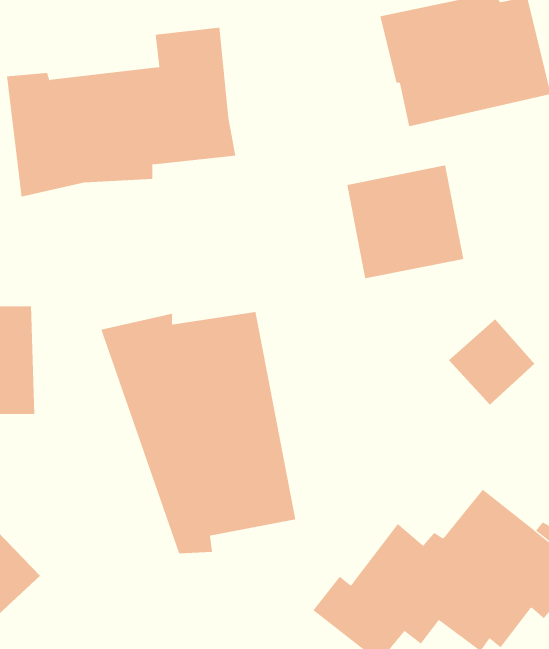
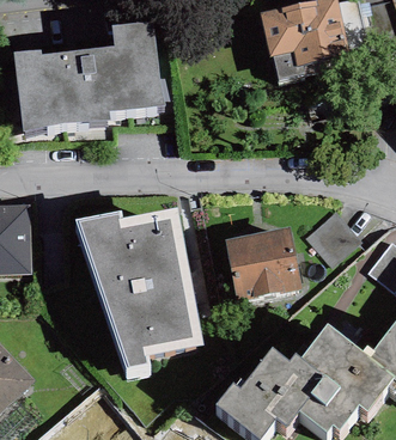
building: [346,165,464,279] -> [224,227,301,302]

